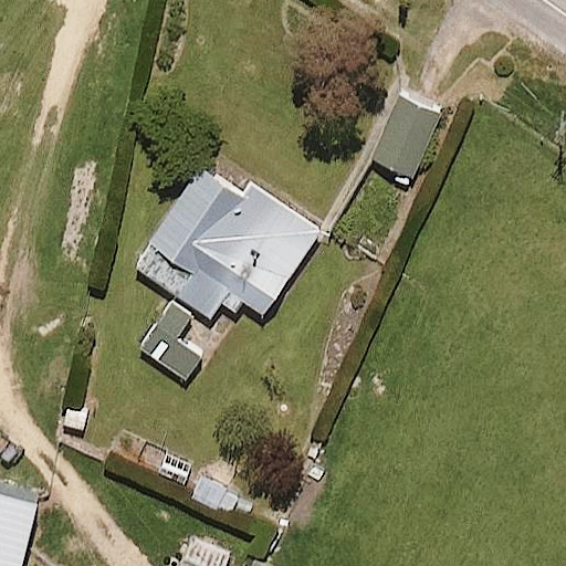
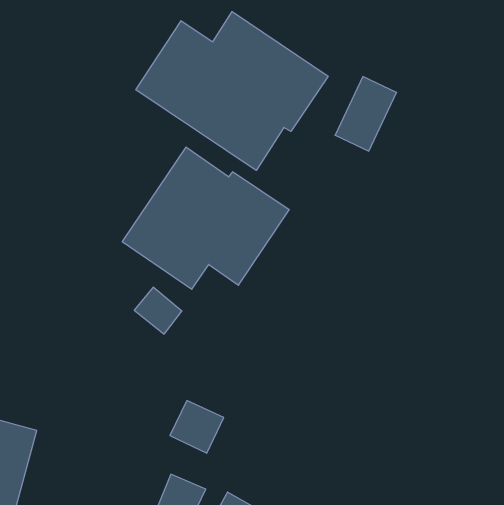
building: none -> [136,12,328,170]

